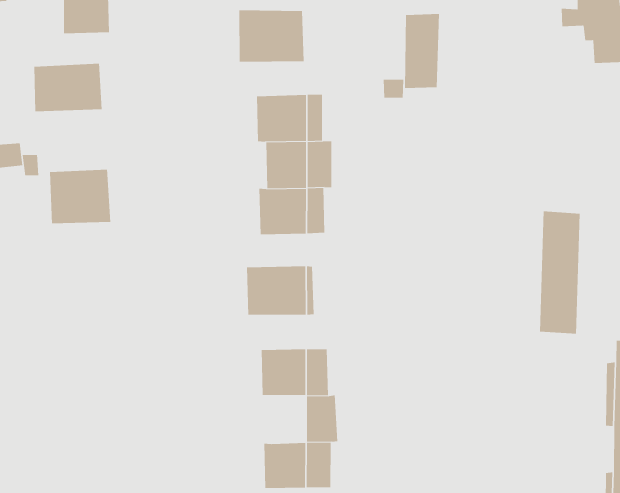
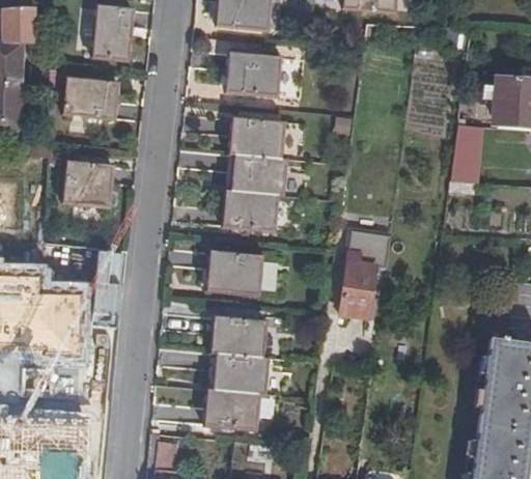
building: [404,14,440,89] -> [450,121,484,180]
building: [539,211,581,334] -> [341,223,384,321]
building: none -> [215,354,246,393]

